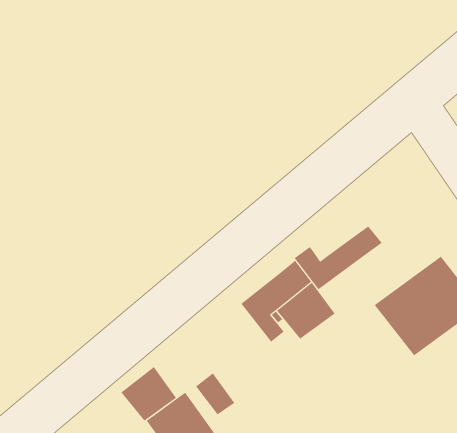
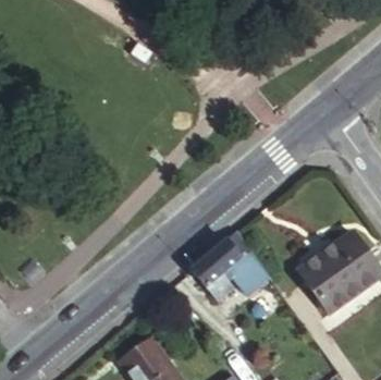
building: [294,226,382,290] -> none
building: [120,366,177,421] -> none

